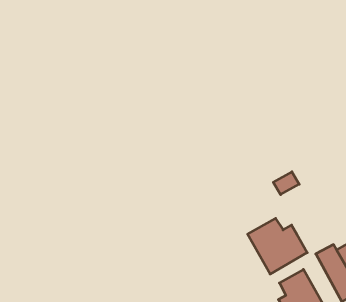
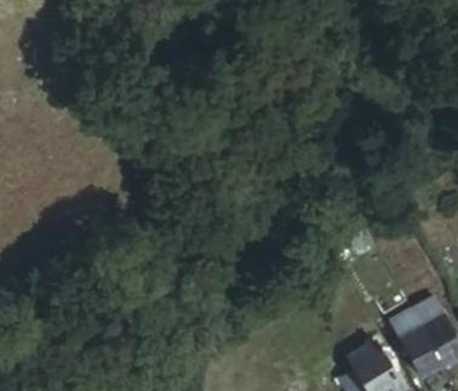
building: [248,218,307,274] -> none

